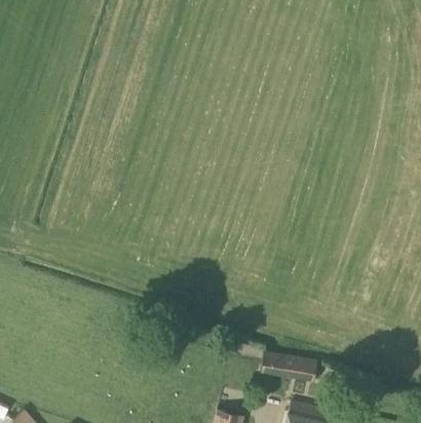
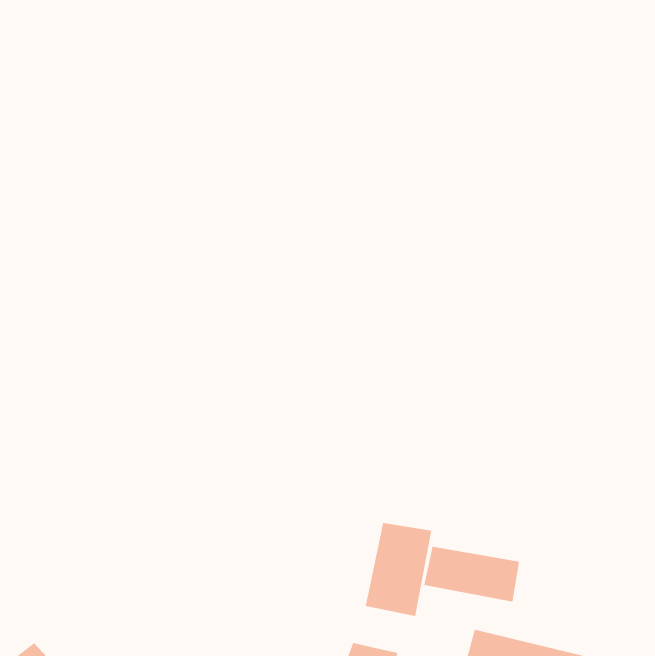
building: none -> [365,522,432,617]

